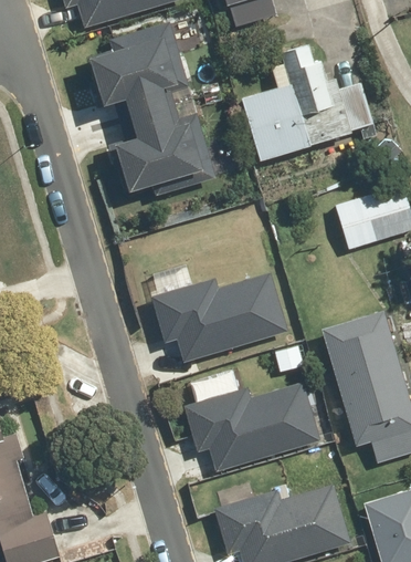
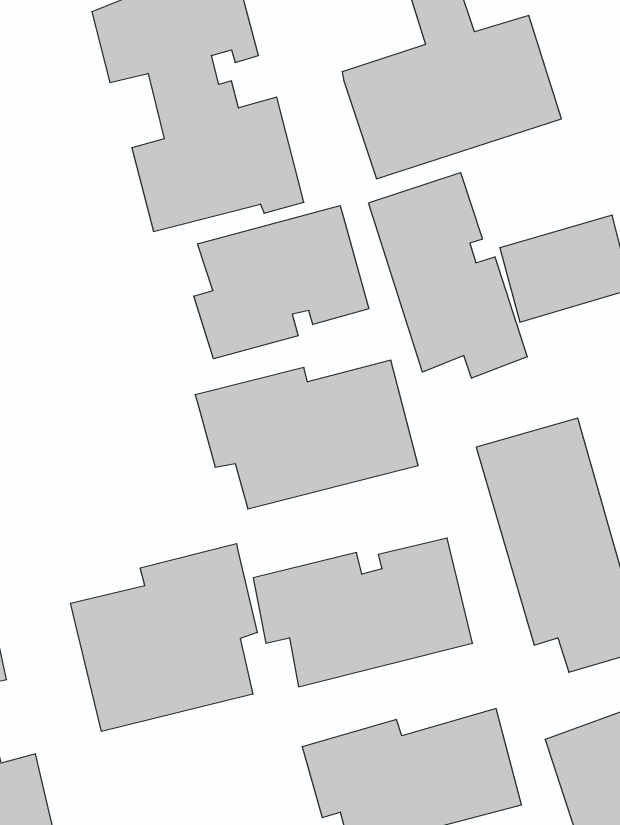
building: none -> [368,173,527,378]
building: none -> [194,206,369,359]
building: none -> [70,544,257,731]

